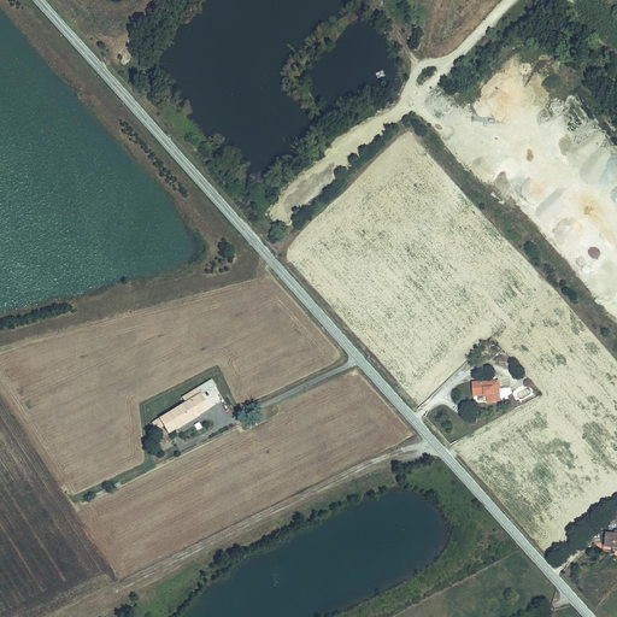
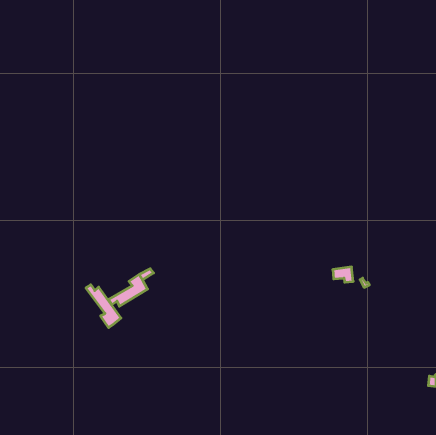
building: none -> [86,285,121,328]

